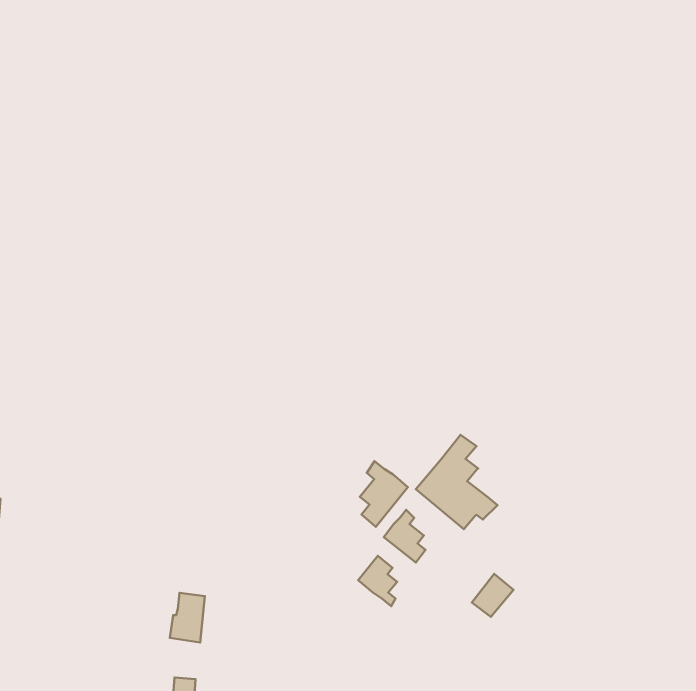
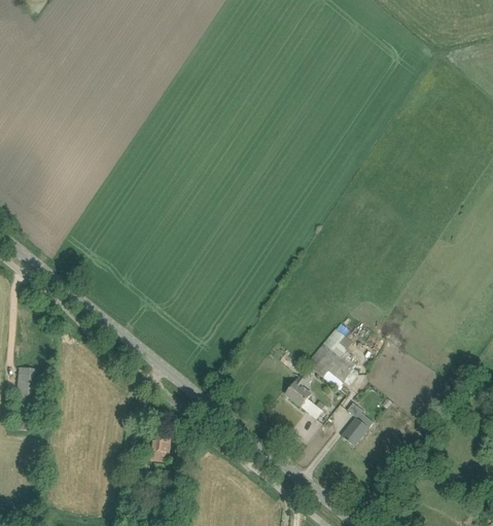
building: [360,461,408,527] -> none
building: [358,556,397,606] -> none

